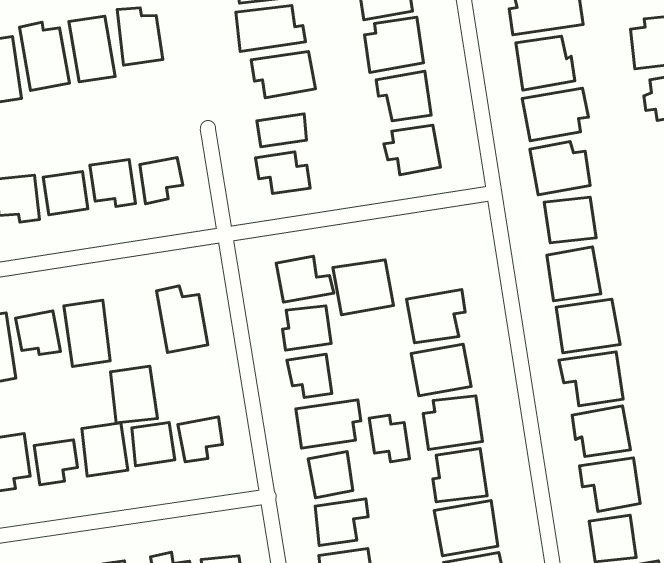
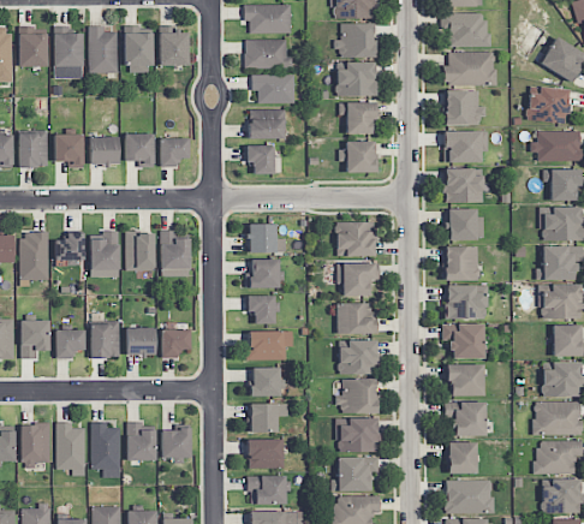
building: [333,260,393,315] -> [336,221,376,256]
building: [110,366,157,423] -> [125,232,155,270]
building: [369,415,409,462] -> none

